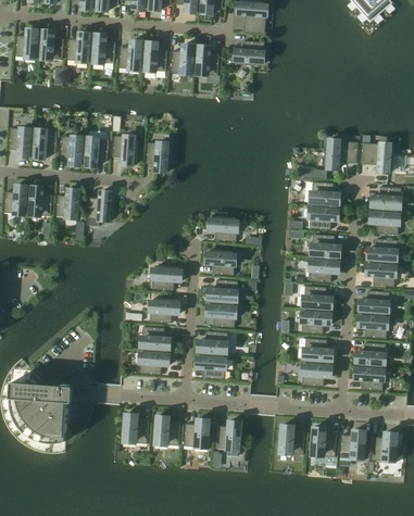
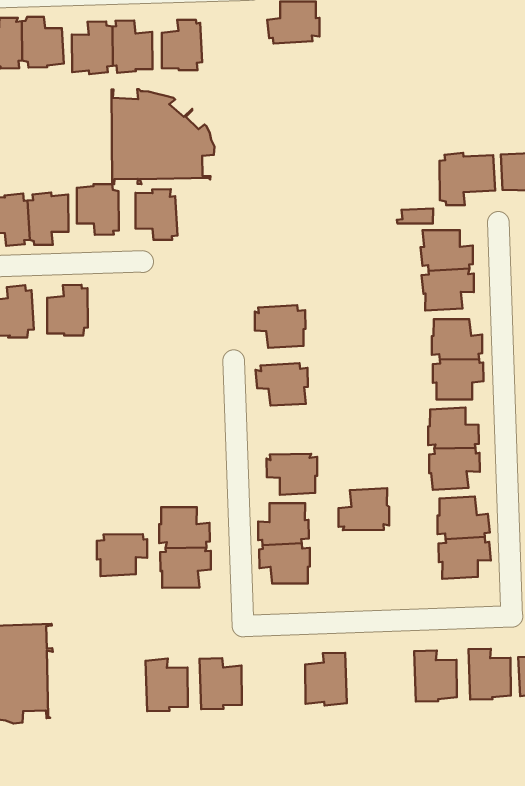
building: [195,45,219,75] -> none
building: none -> [112,89,215,184]
building: [151,264,181,289] -> none
building: [208,278,238,303] -> [339,488,389,530]
building: [149,297,179,322] -> [97,534,147,576]
building: [184,417,210,448] -> none

